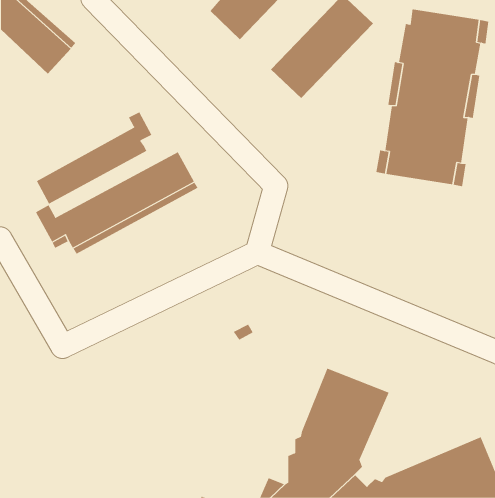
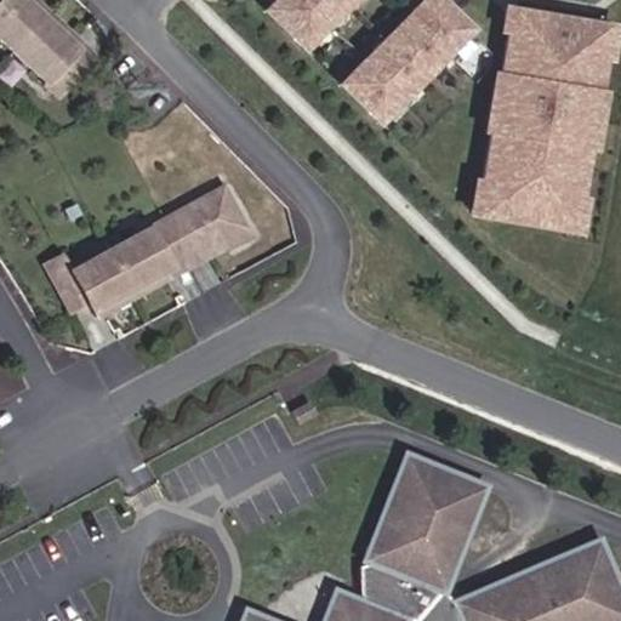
building: [36,111,152,204] -> none

